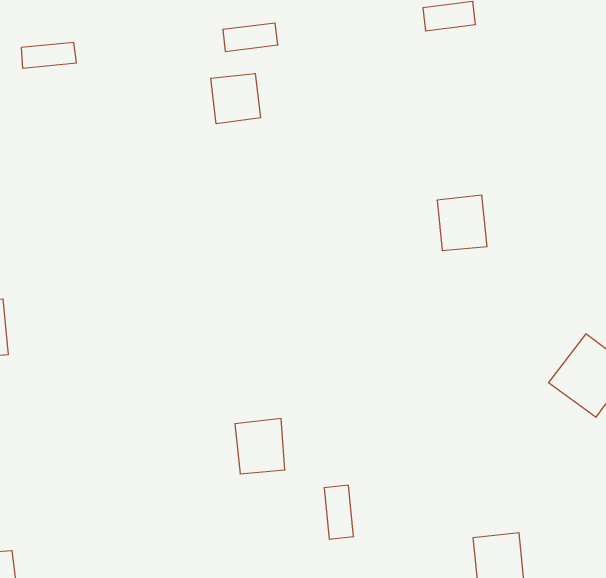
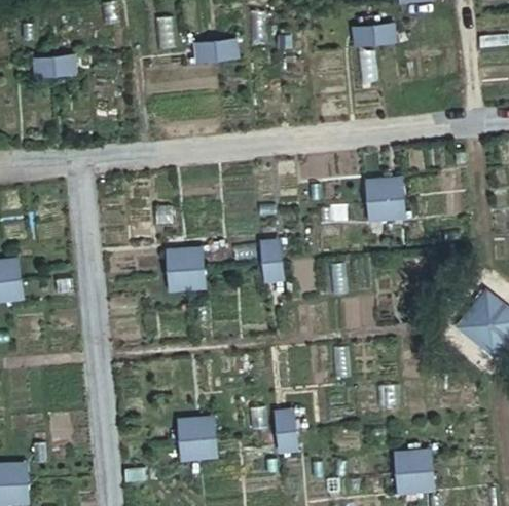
building: [211,73,260,124] -> none
building: none -> [260,239,285,283]
building: none -> [163,247,205,293]
building: [235,419,285,474] -> [178,416,218,460]

